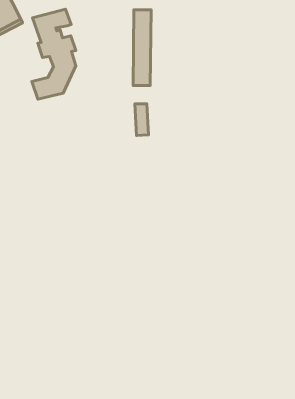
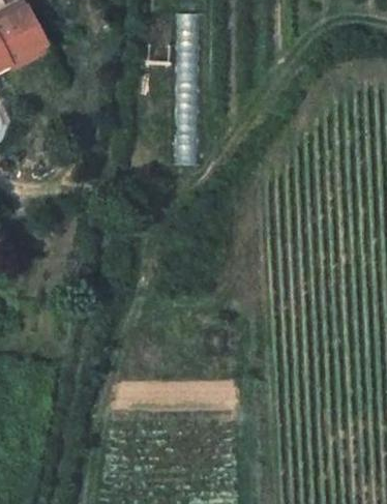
building: [32,9,76,99] -> none

